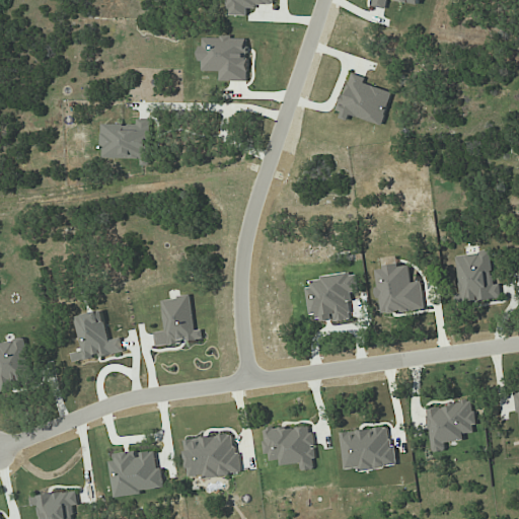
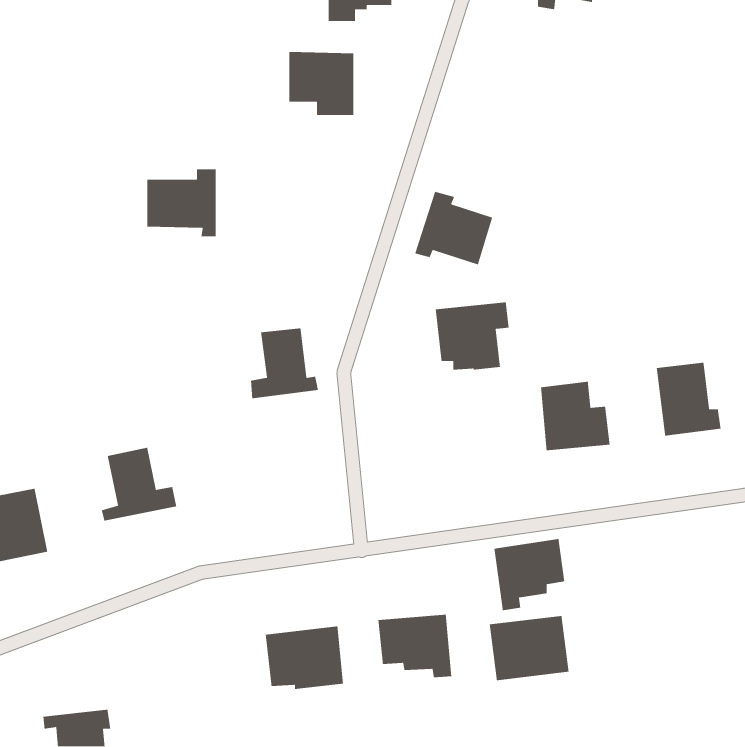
building: [336,73,390,125] -> [414,191,493,265]
building: [305,273,357,320] -> [435,302,510,370]
building: [154,295,202,345] -> [250,327,319,399]
building: [425,400,474,451] -> [493,538,565,611]
building: [109,450,163,495] -> none

